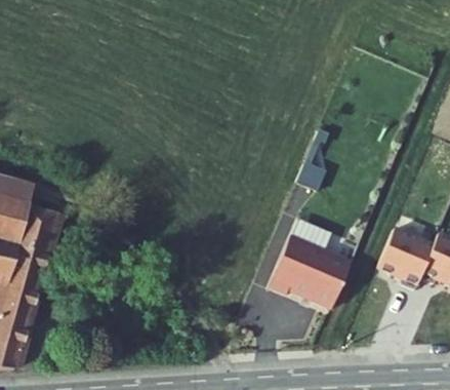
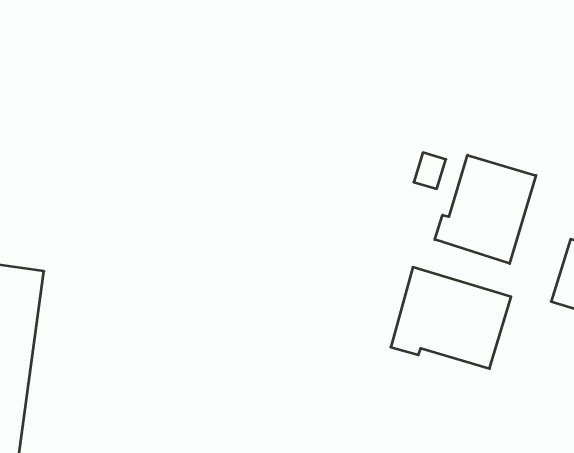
building: none -> [435,155,536,264]

